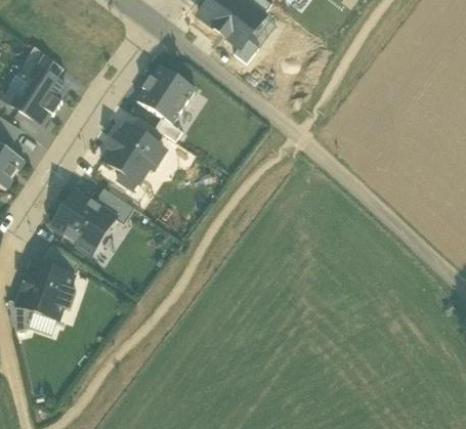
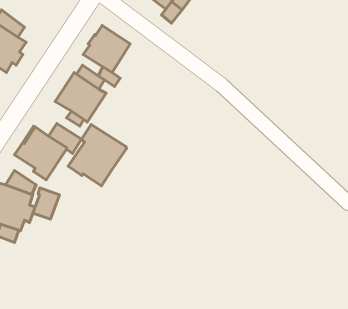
building: none -> [68,124,126,186]
building: none -> [33,188,60,219]

